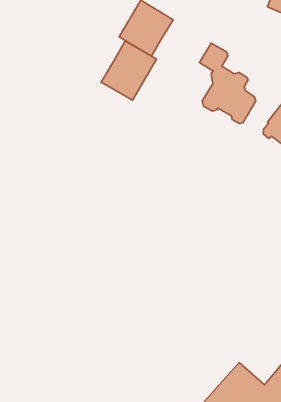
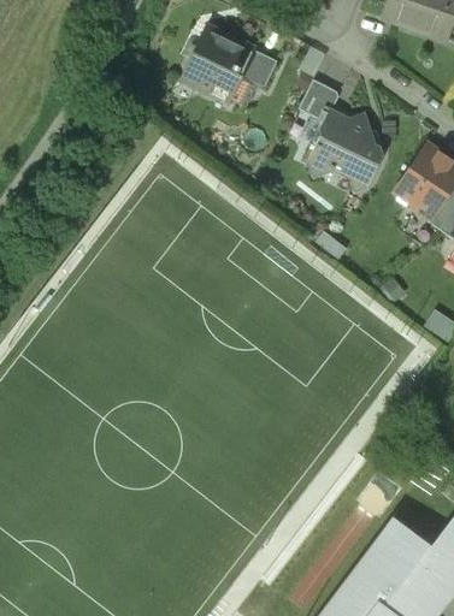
building: none -> [243,51,278,87]
building: [101,41,157,100] -> none

